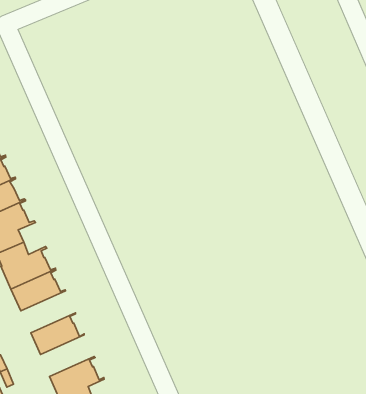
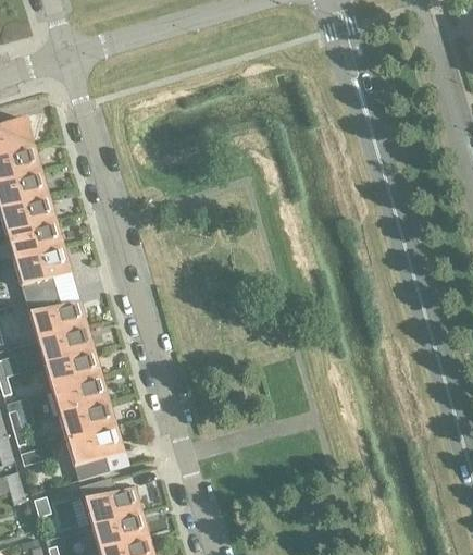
building: none -> [43,349,102,390]
building: none -> [59,399,116,440]

